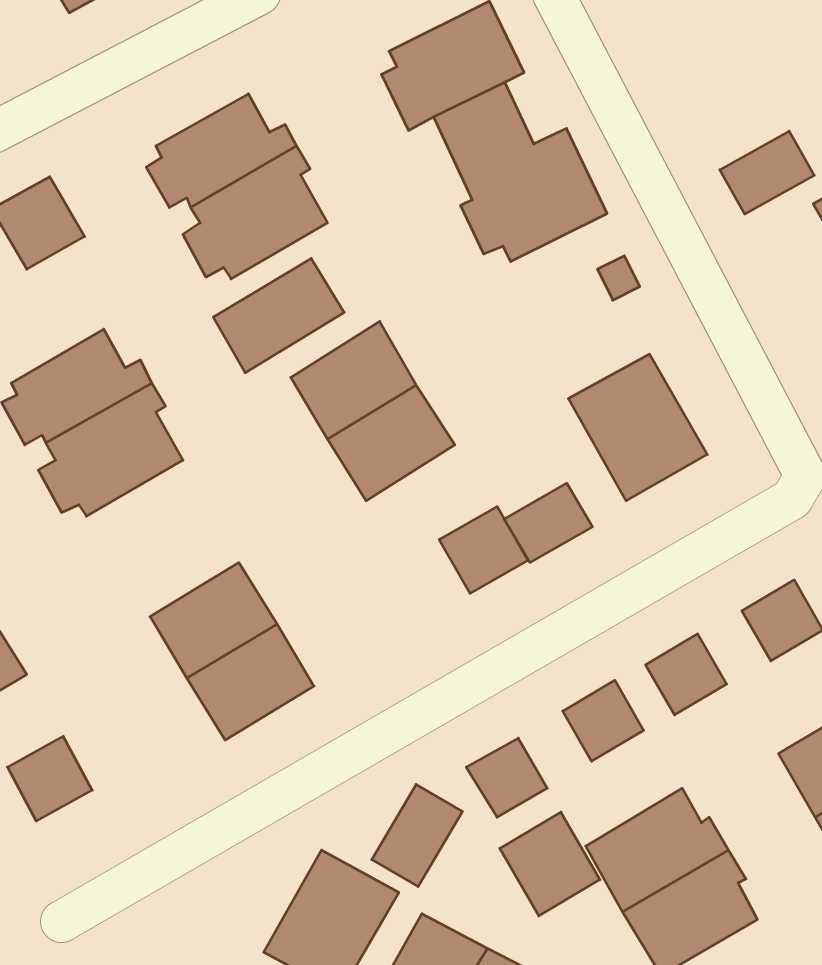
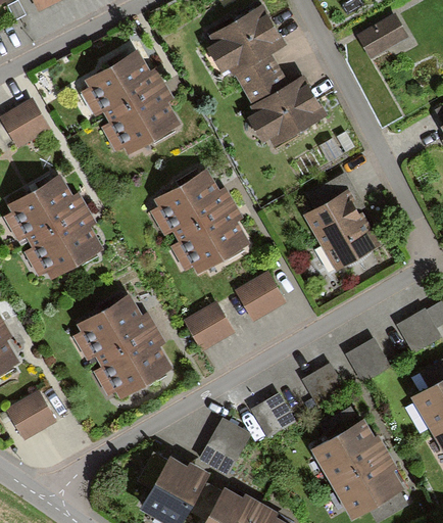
building: [720,131,814,214] -> [356,11,406,55]
building: [213,258,344,373] -> none
building: [504,483,592,562] -> none
building: none -> [184,299,231,345]
building: [500,812,600,916] -> none

